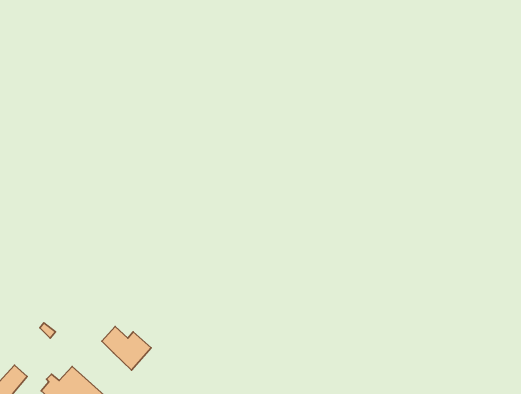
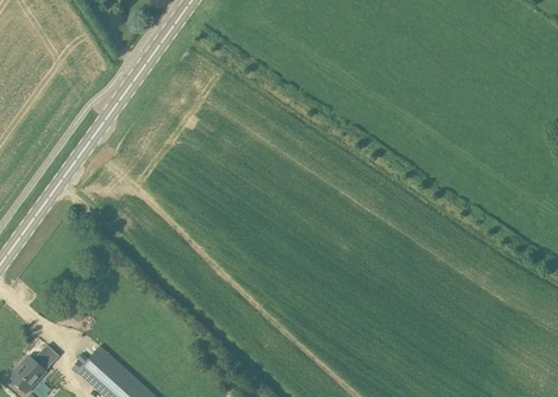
building: [102,327,151,370] -> none

